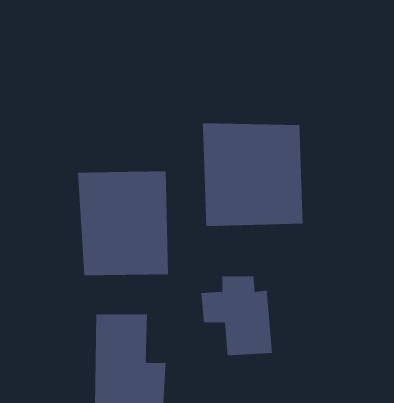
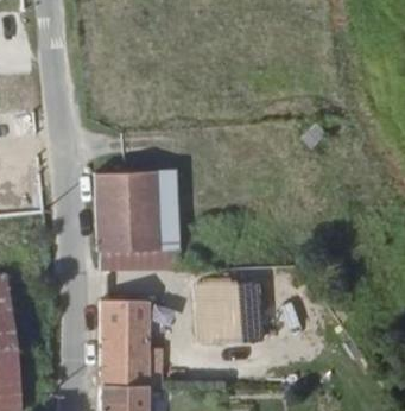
building: [202,122,303,227] -> none

